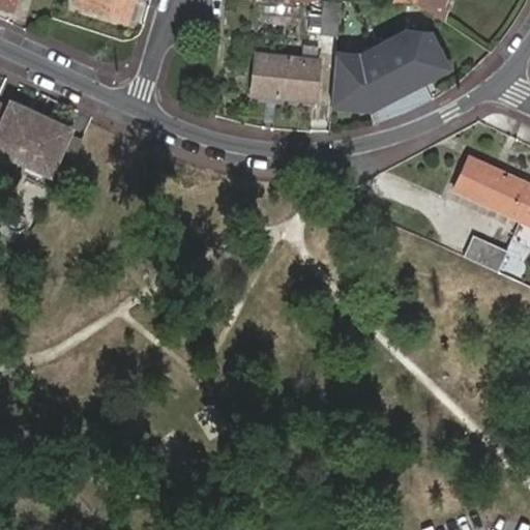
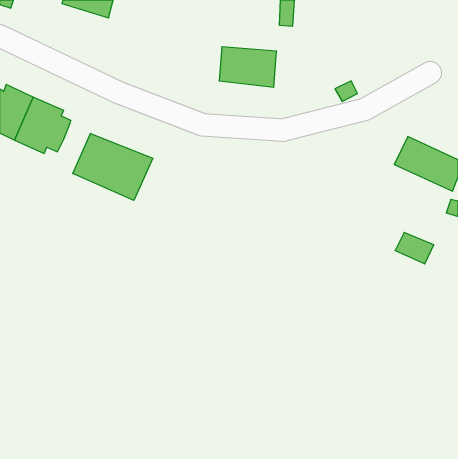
building: [332,31,447,108] -> none
building: none -> [73,133,153,200]
building: [464,236,508,272] -> [395,232,434,264]

